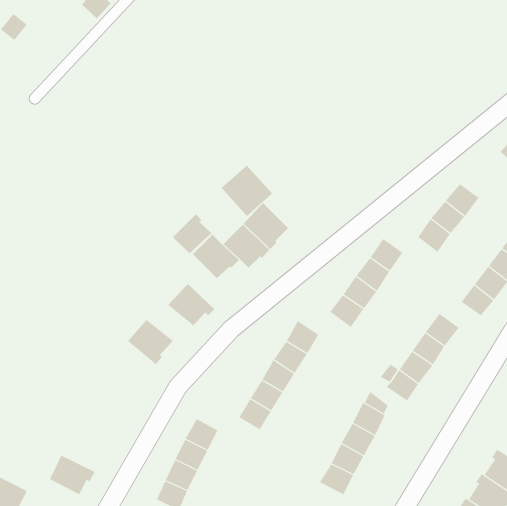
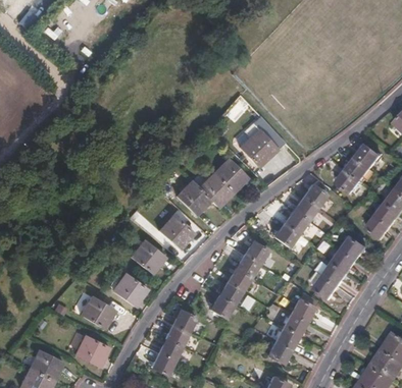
building: [221,165,273,217] -> [239,129,275,166]
building: [172,214,212,254] -> none
building: none -> [112,274,146,304]
building: none -> [81,296,112,328]

